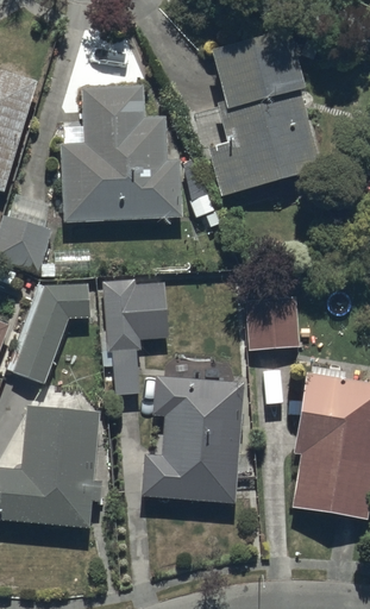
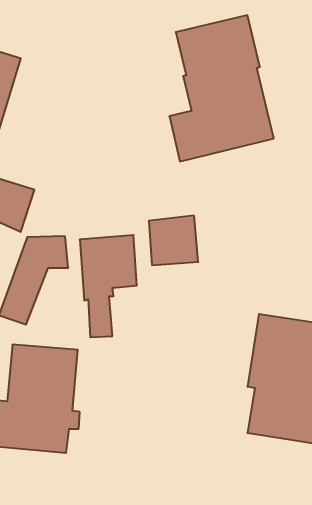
building: [61,86,182,221] -> none
building: [244,295,300,351] -> [149,216,198,265]
building: [142,376,244,504] -> none

